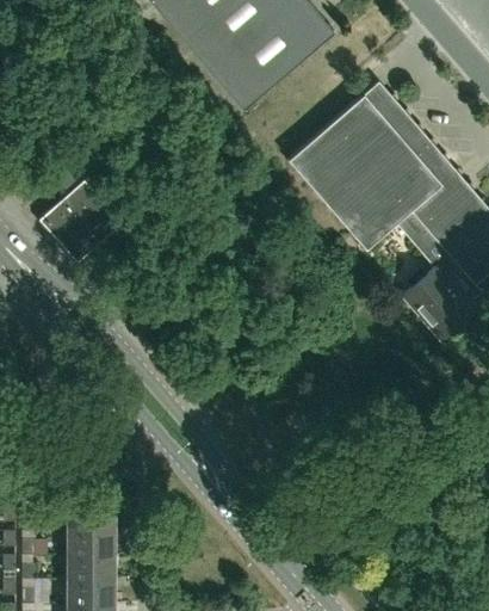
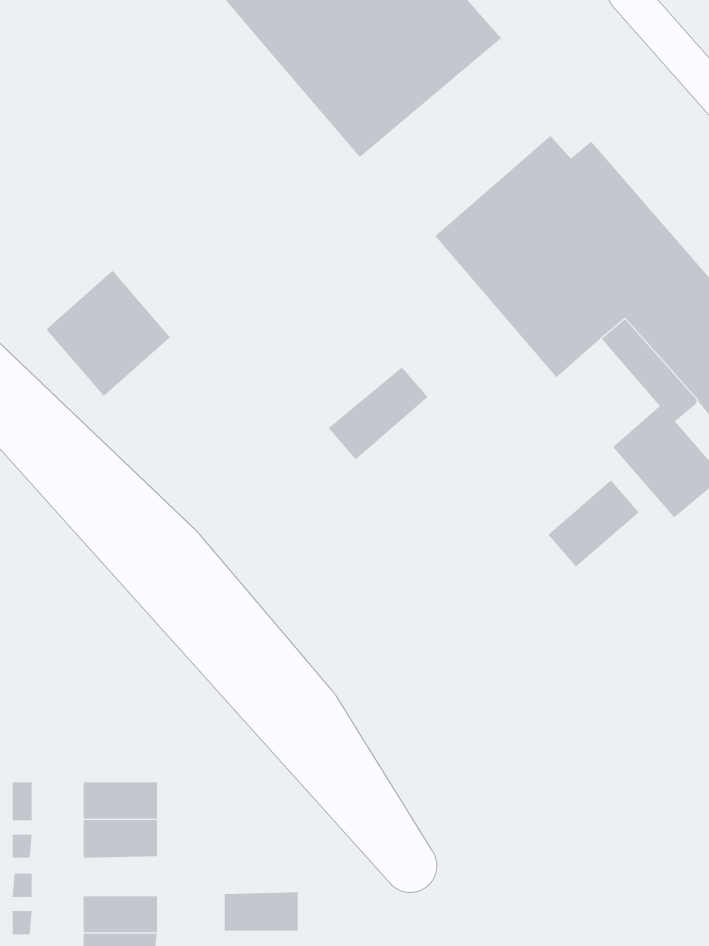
building: none -> [328,366,428,460]
building: none -> [548,479,640,567]
building: [67,553,114,578] -> [224,892,299,931]

